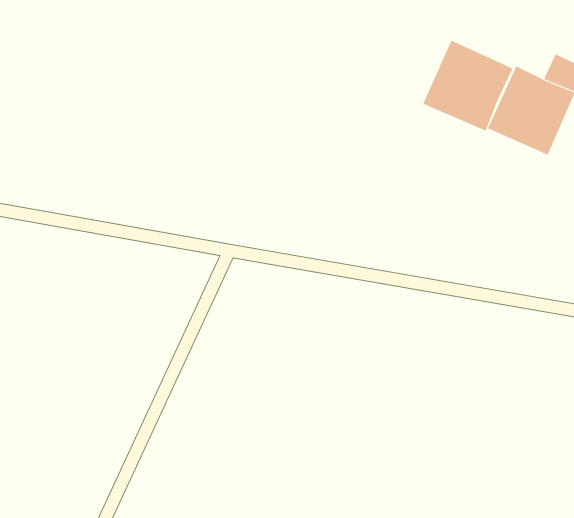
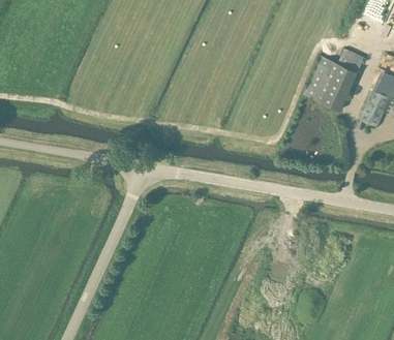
building: [422,40,513,131] -> none

